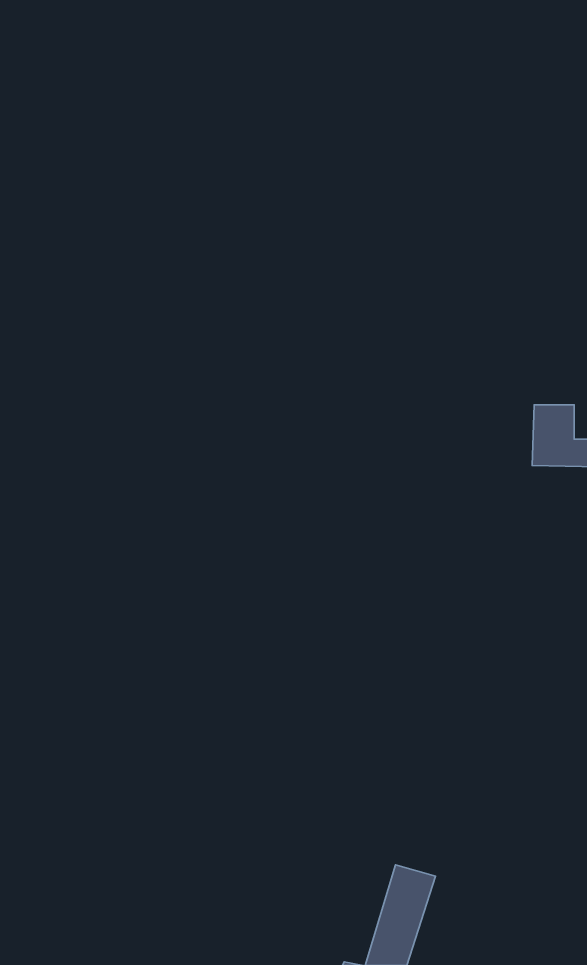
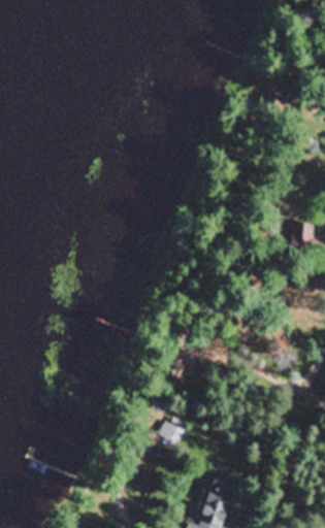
building: none -> [157,418,187,449]

